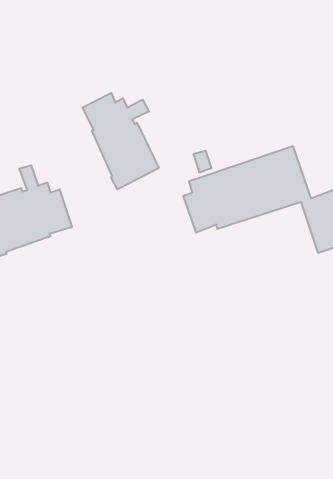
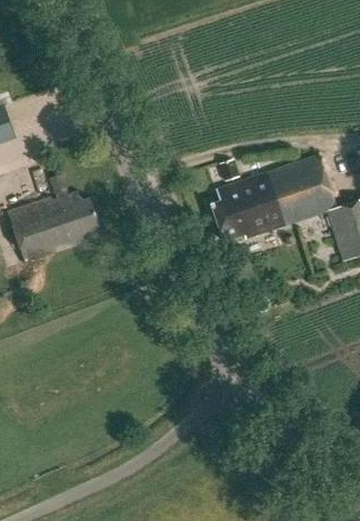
building: [83,93,159,189] -> none

